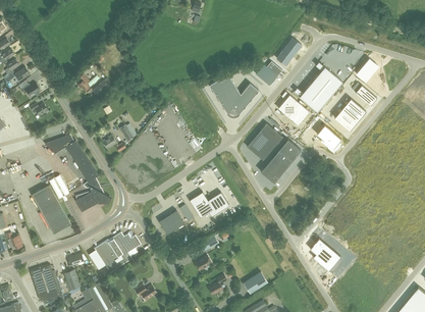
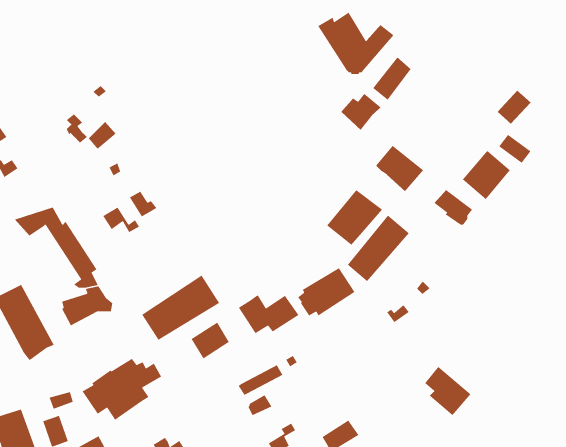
building: [293,61,341,112] -> none
building: [208,75,258,116] -> [317,12,395,75]
building: none -> [297,267,355,317]
building: none -> [141,275,220,341]

